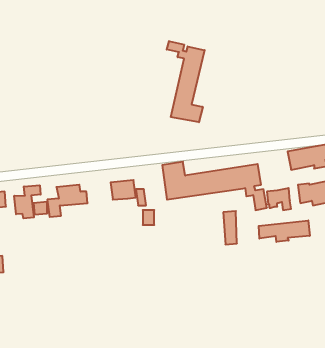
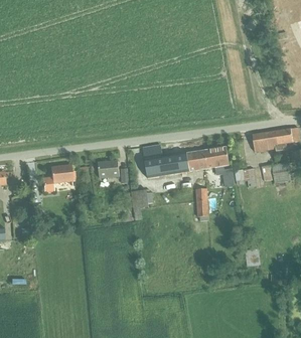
building: [167,41,205,122] -> none
building: [14,185,41,218] -> none
building: [259,220,310,242] -> none

